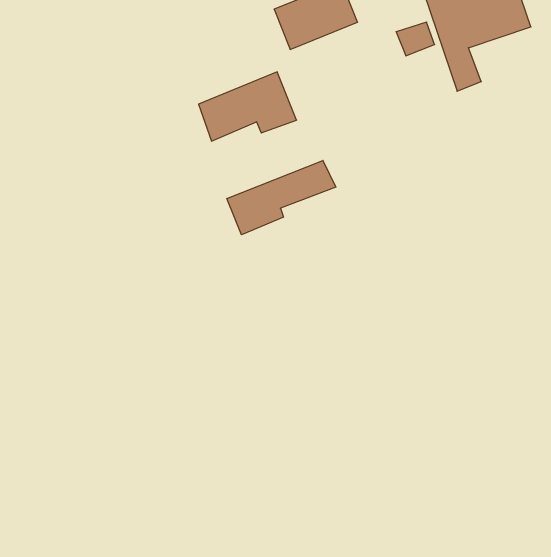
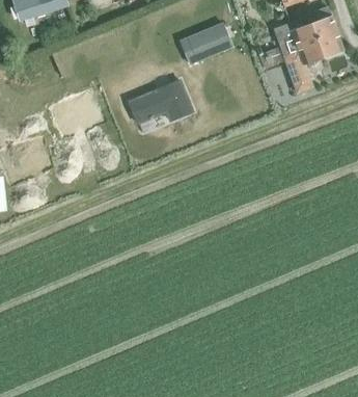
building: [227,160,336,235] -> none

